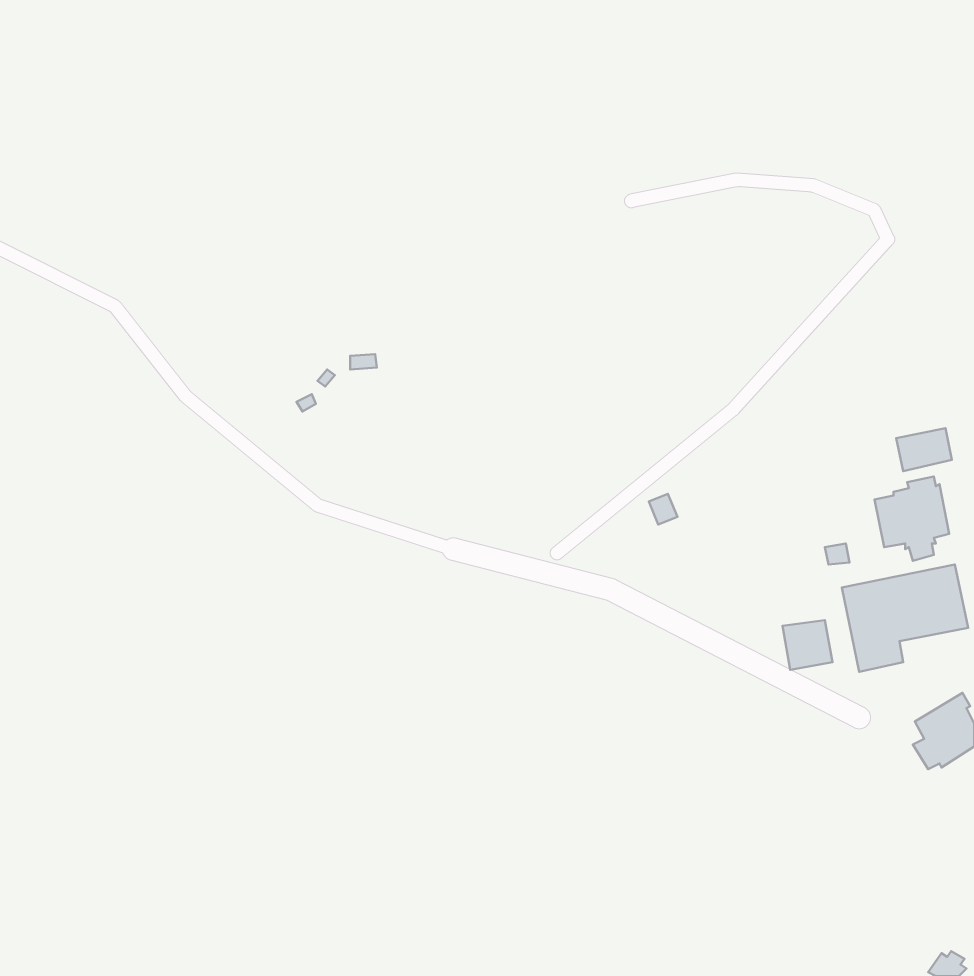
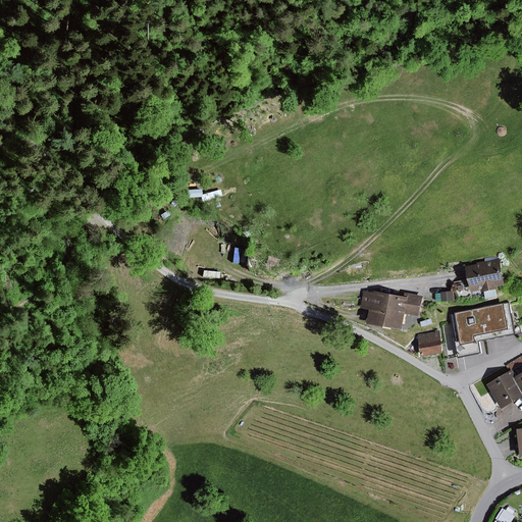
building: [896,428,952,471] -> none
building: none -> [360,291,423,329]

